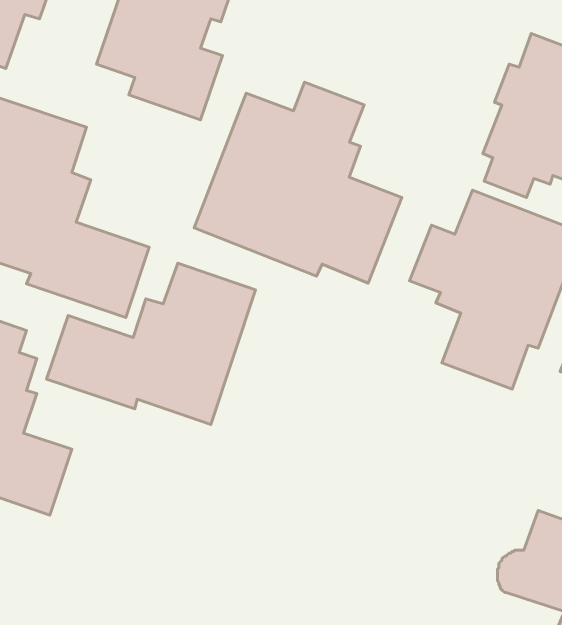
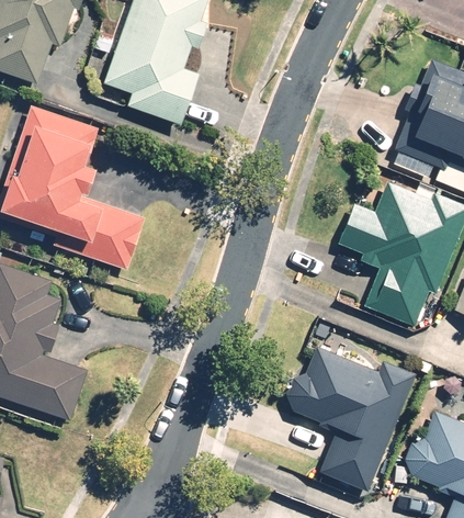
building: [194,82,402,283] -> none
building: [46,263,255,424] -> none
building: none -> [290,346,415,491]

